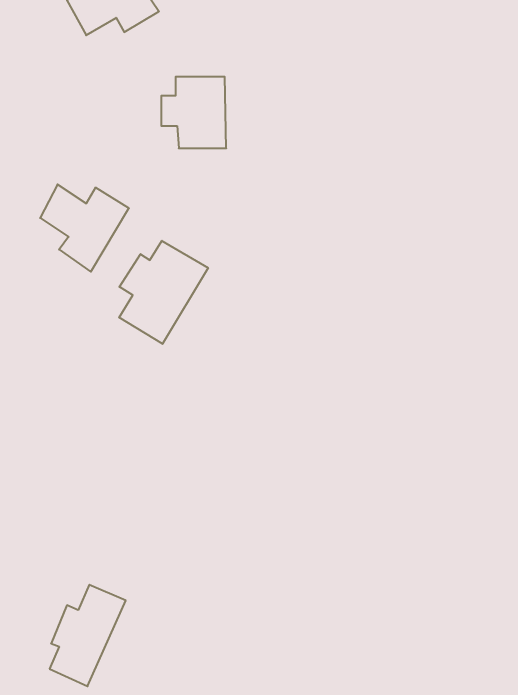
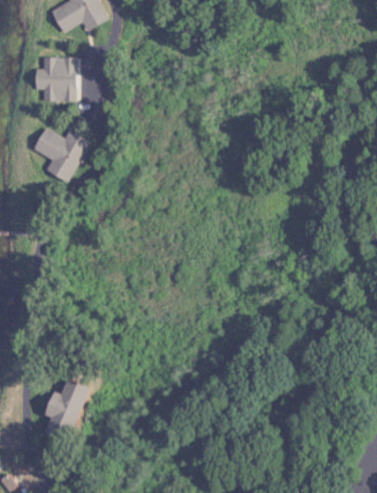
building: [161,77,226,148] -> [34,55,75,100]
building: [119,241,208,344] -> none

